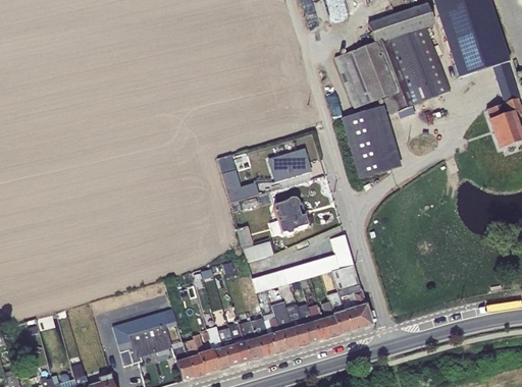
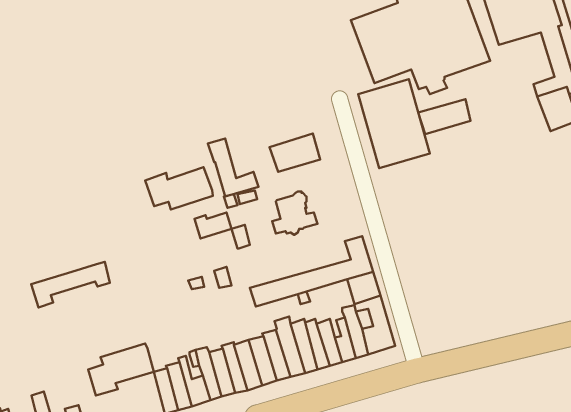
building: none -> [418,99,470,134]
building: none -> [145,167,213,210]
building: [243,239,273,261] -> [194,213,231,239]
building: [112,307,177,344] -> [31,262,110,307]

